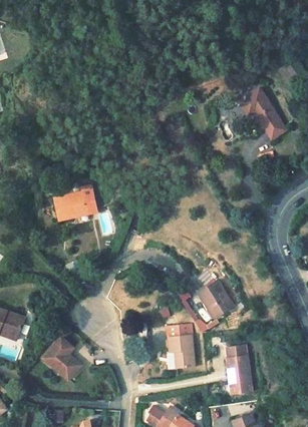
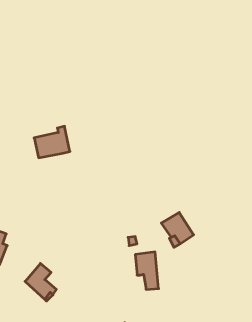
building: [238,89,283,136] -> none
building: [225,345,252,392] -> none

